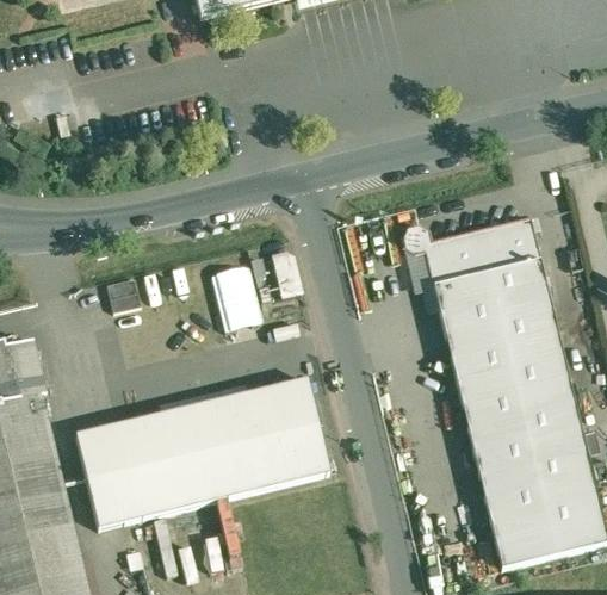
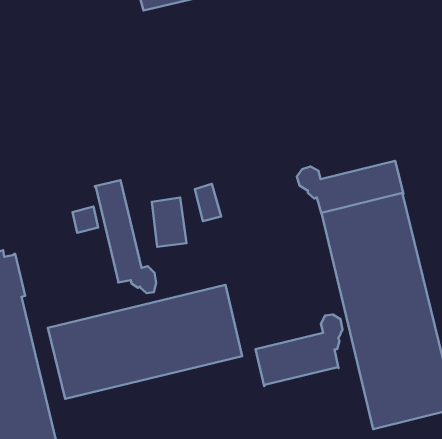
building: none -> [95,180,156,293]
building: none -> [256,314,343,386]

